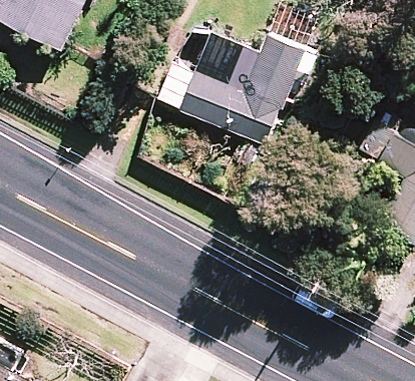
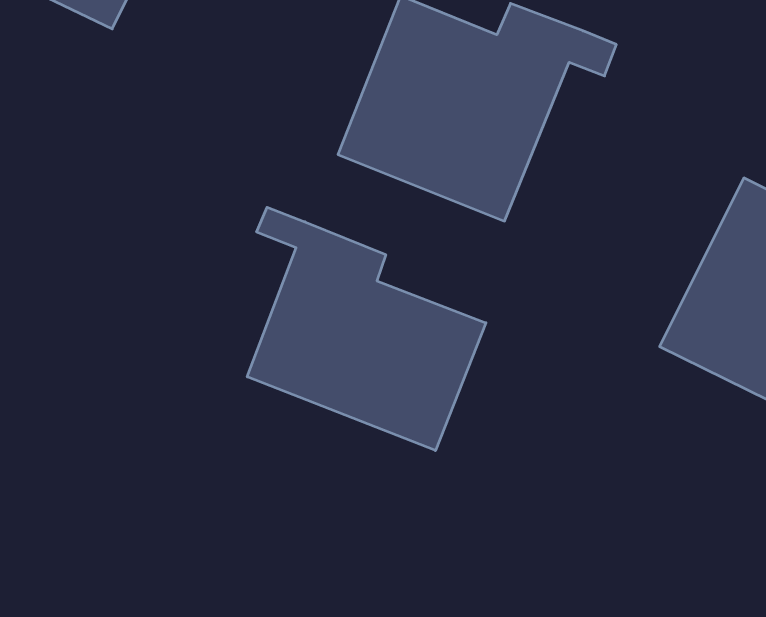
building: none -> [247,207,486,451]

